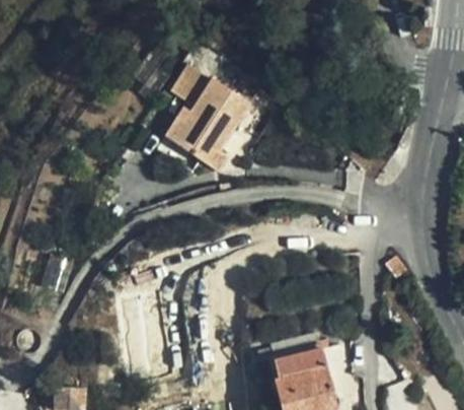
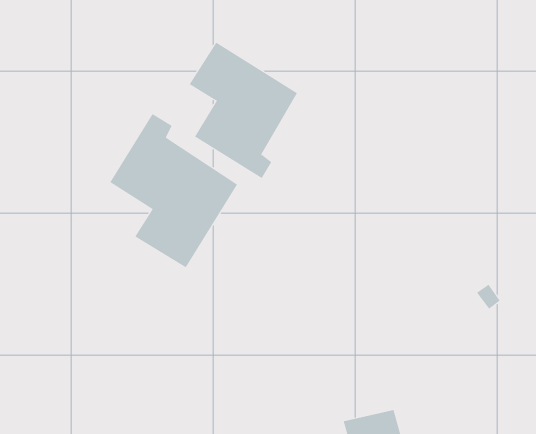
building: none -> [109,113,238,268]

